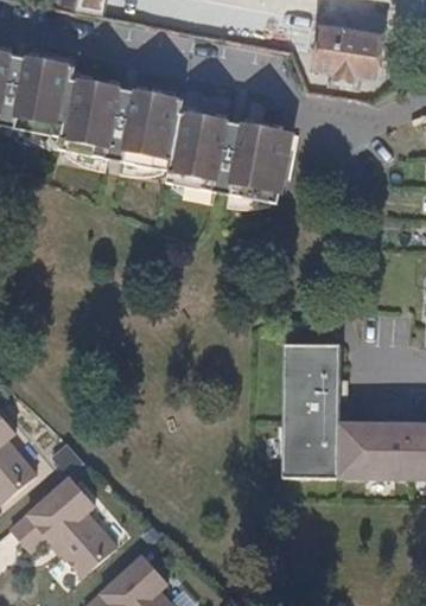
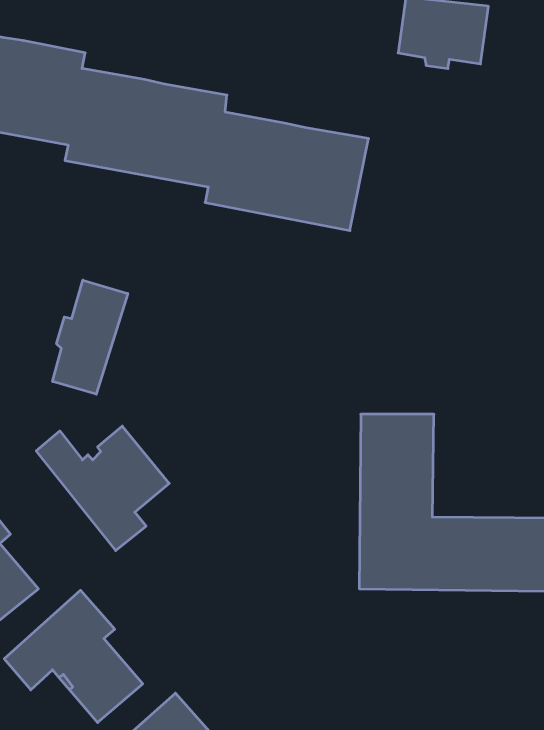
building: none -> [53,280,128,394]
building: none -> [36,426,169,551]

